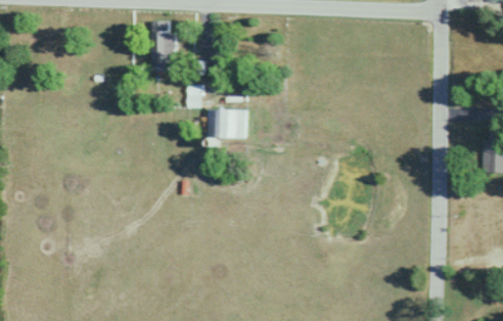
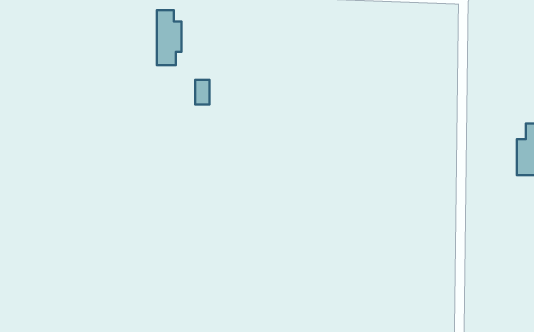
building: [209,108,244,137] -> none

